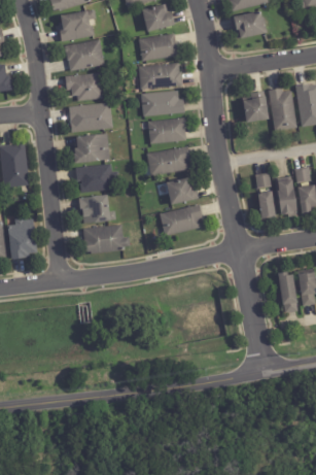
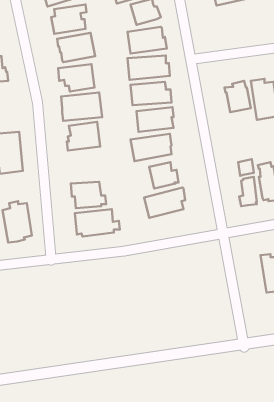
building: [233,10,265,39] -> none
building: [75,163,118,193] -> none

